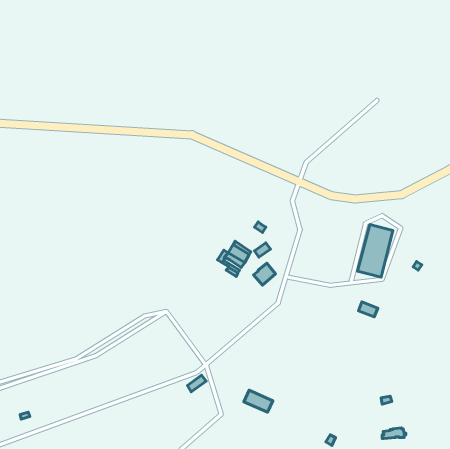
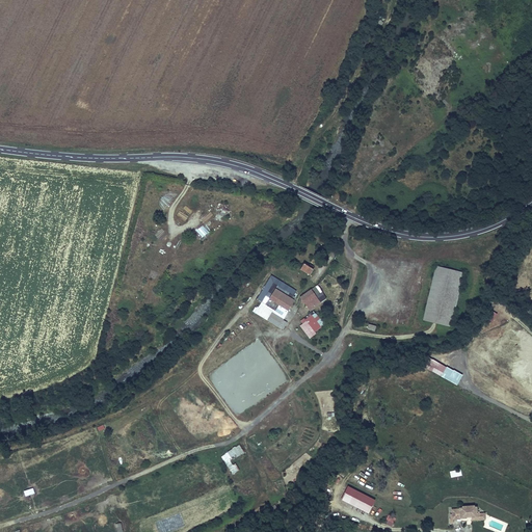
building: [244,390,273,412] -> [341,485,375,511]

